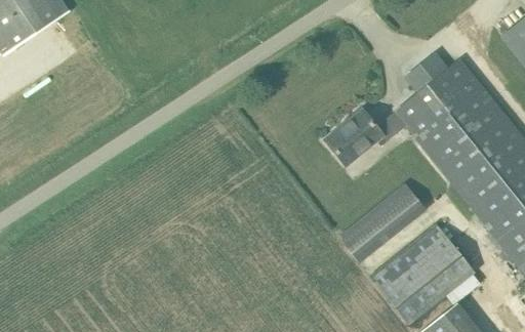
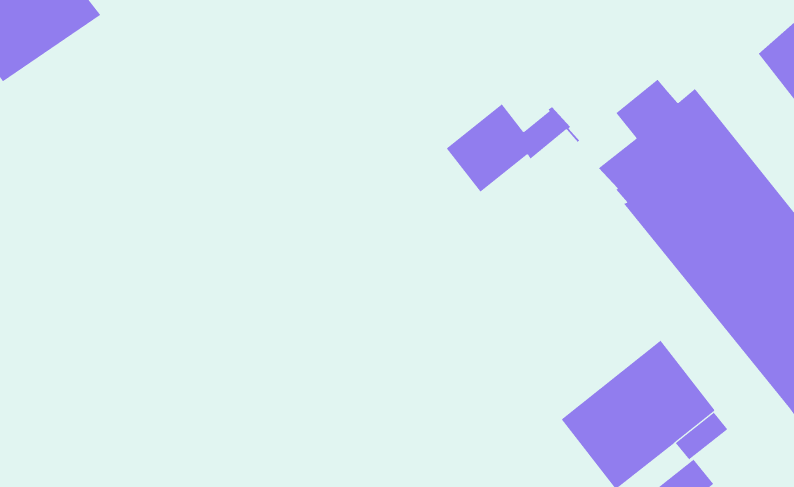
building: [325,109,413,167] -> [446,103,580,192]
building: [337,182,426,263] -> none

